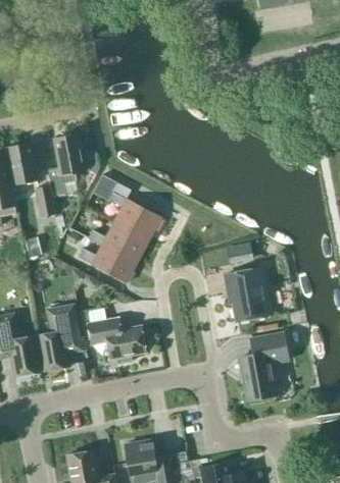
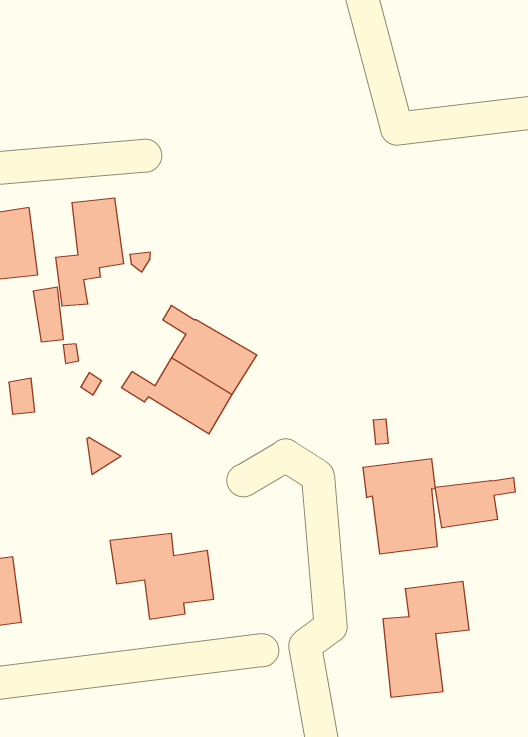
building: [78,243,138,282] -> none
building: none -> [435,477,515,528]
building: [37,305,82,371] -> none

